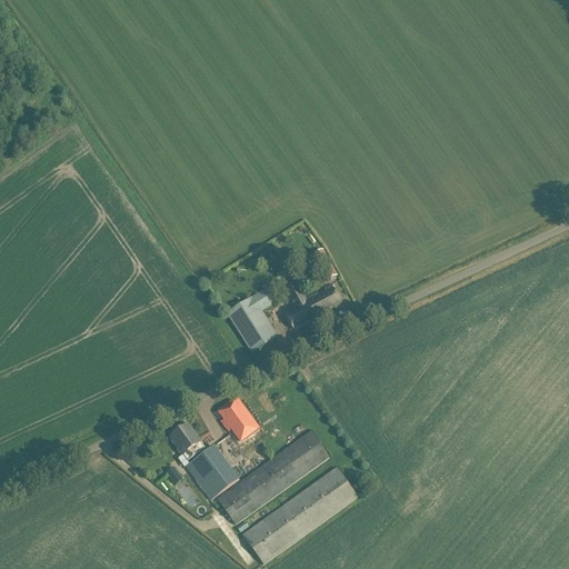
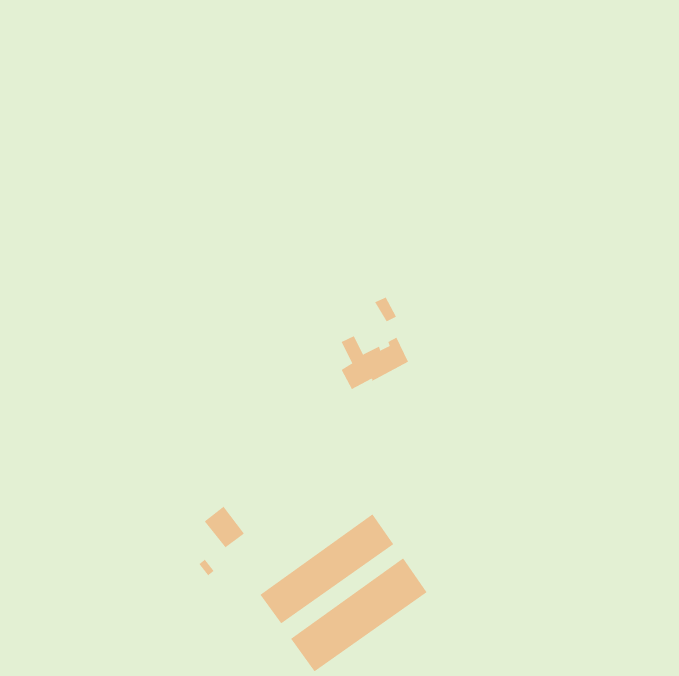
building: [227,283,279,350] -> none
building: [217,397,257,440] -> none
building: [186,445,238,498] -> none

